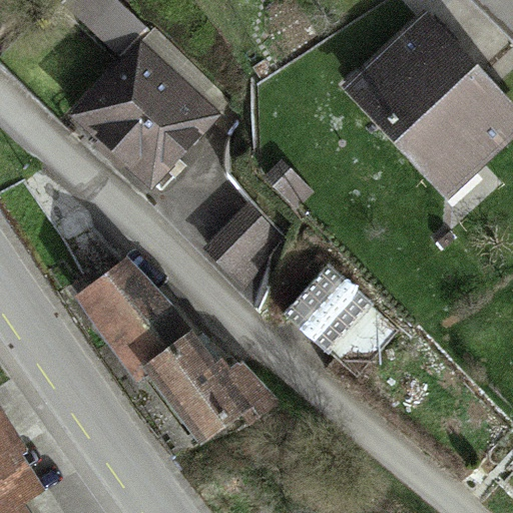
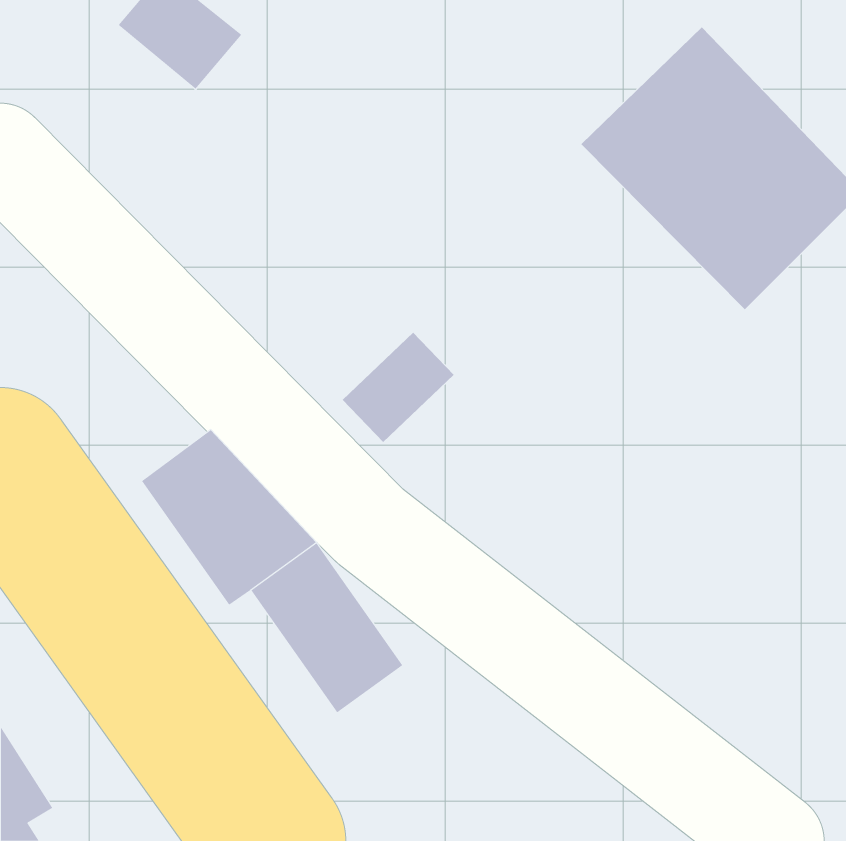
building: [71,49,214,190] -> none
building: [285,267,374,356] -> none

